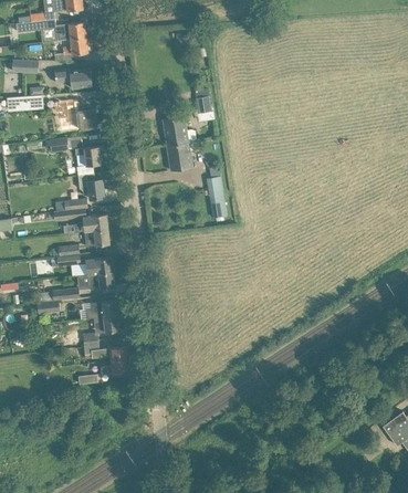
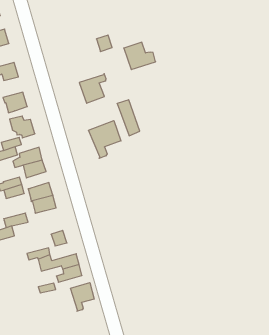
building: [161,116,196,146] -> [124,42,156,70]
building: none -> [89,121,121,158]
building: [86,300,117,318] -> none
building: none -> [70,283,94,311]

